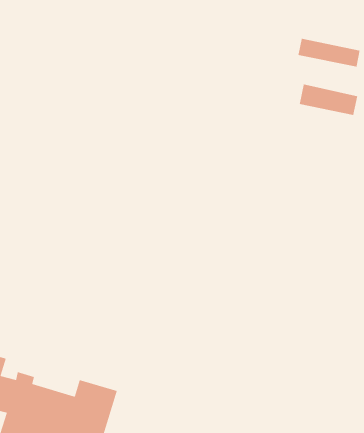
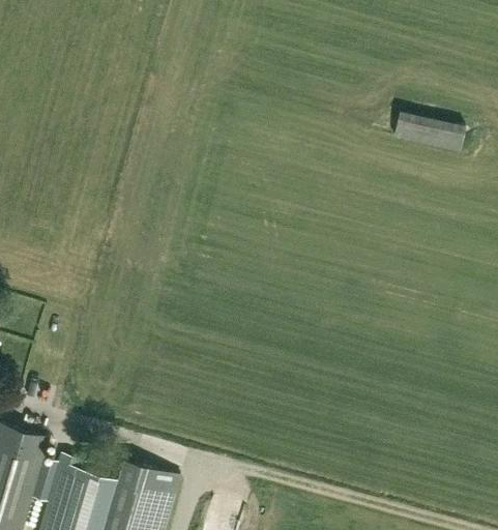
building: [298,38,360,67] -> none

